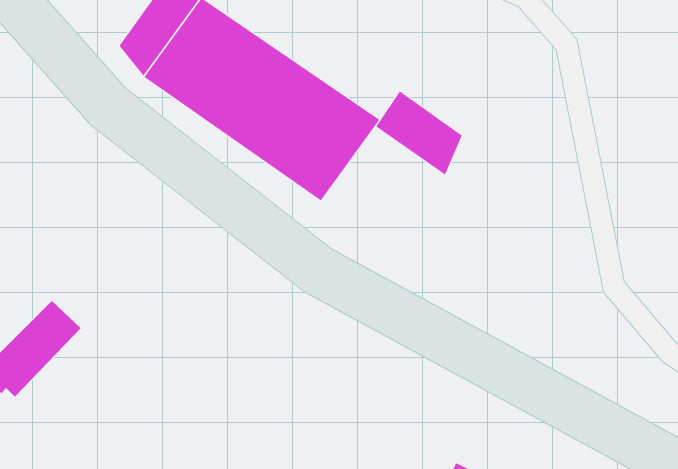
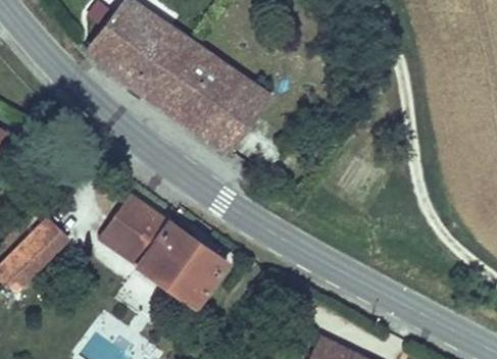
building: [376,91,463,175] -> none
building: none -> [100,194,229,308]

